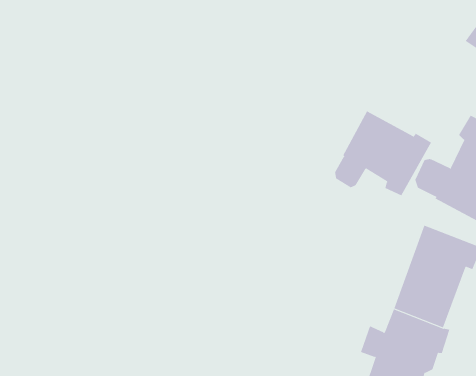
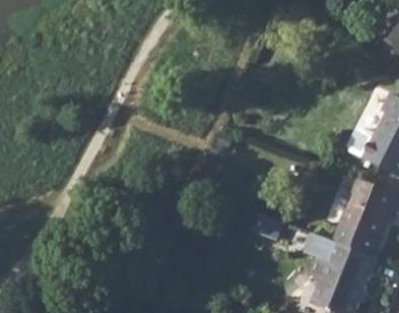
building: [335,110,432,196] -> none

